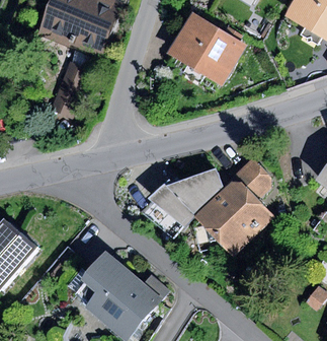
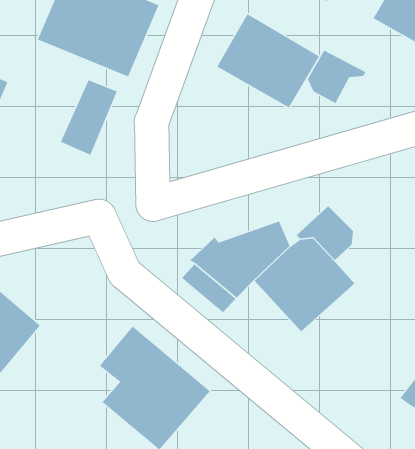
building: none -> [307,49,367,104]

